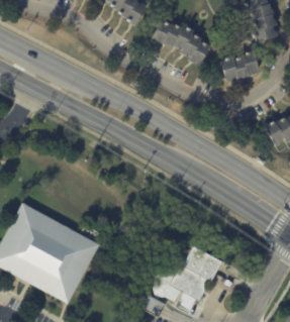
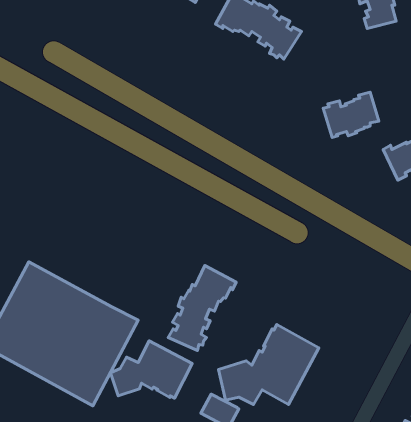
building: [222,49,261,81] -> [323,92,379,137]
building: none -> [168,265,236,351]
building: none -> [110,341,192,398]

